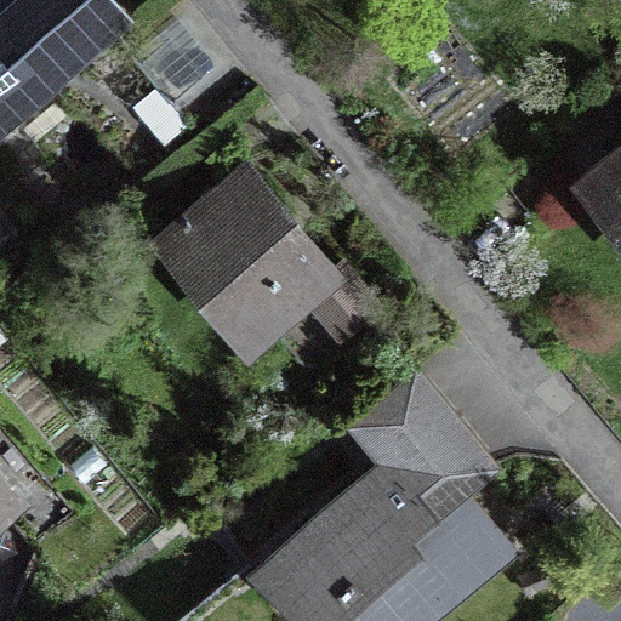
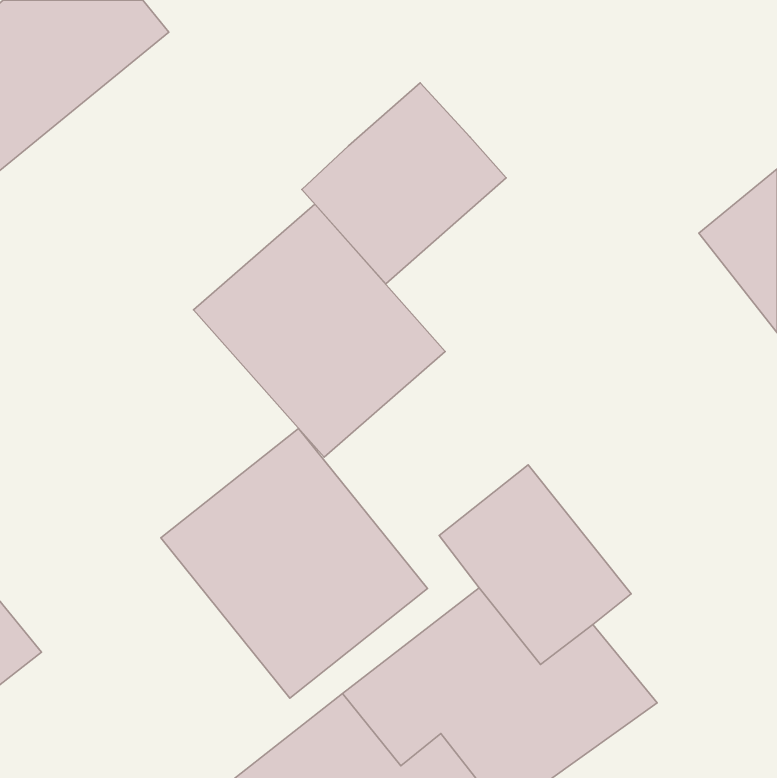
building: none -> [302,83,506,284]
building: none -> [161,428,427,698]

